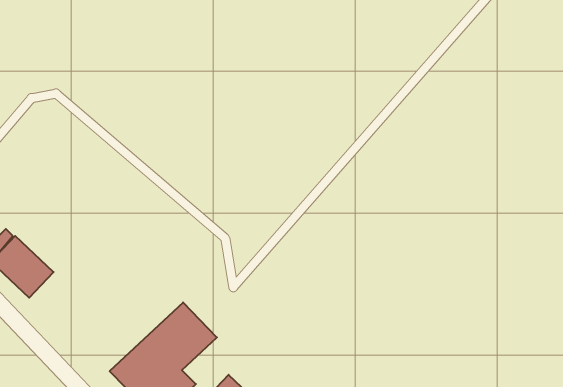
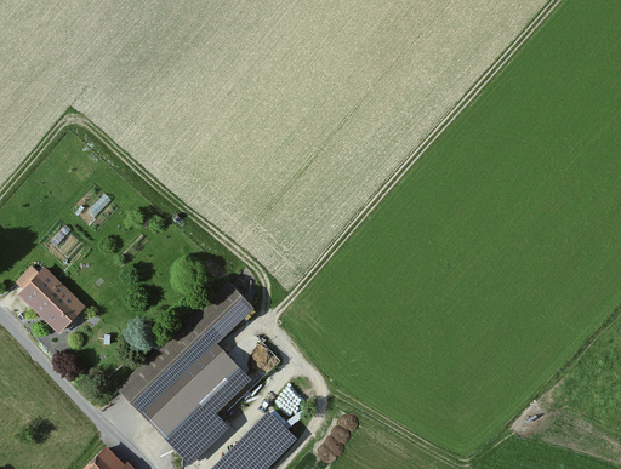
building: none -> [123,285,253,411]

